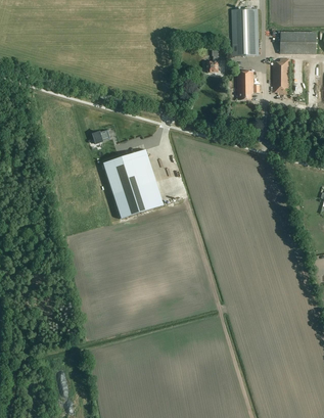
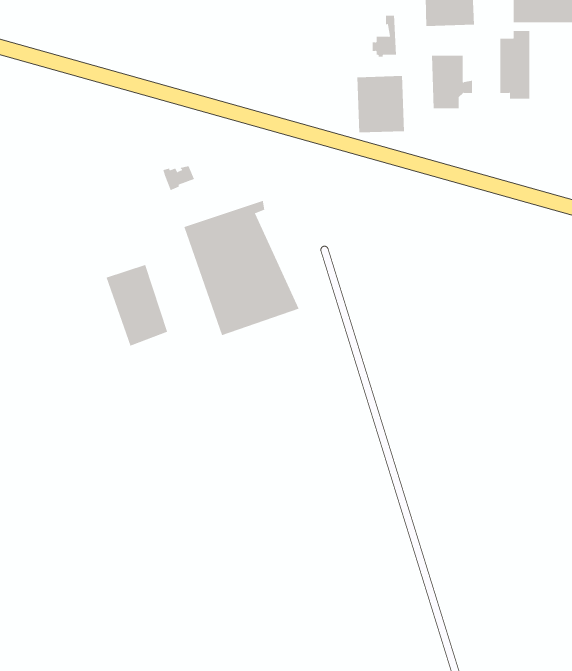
building: none -> [357,75,405,133]
building: none -> [106,264,168,346]

